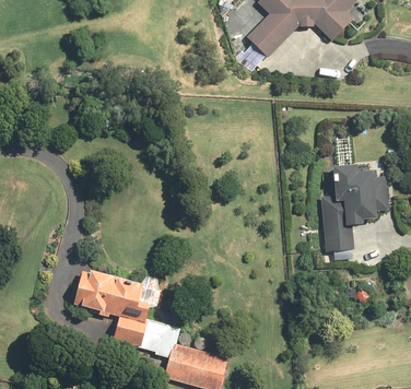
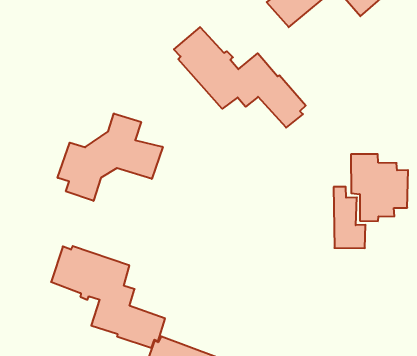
building: none -> [174,27,306,128]
building: none -> [58,113,163,201]

